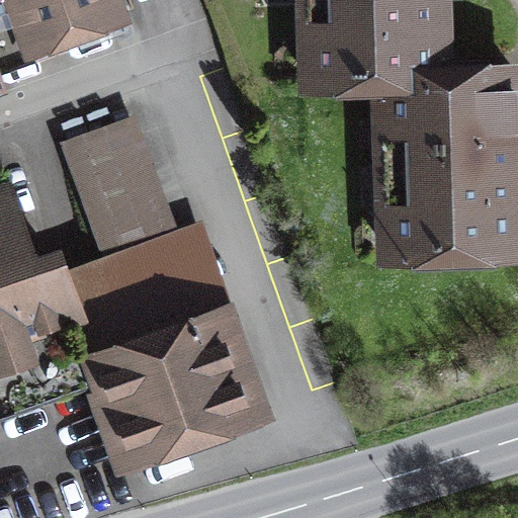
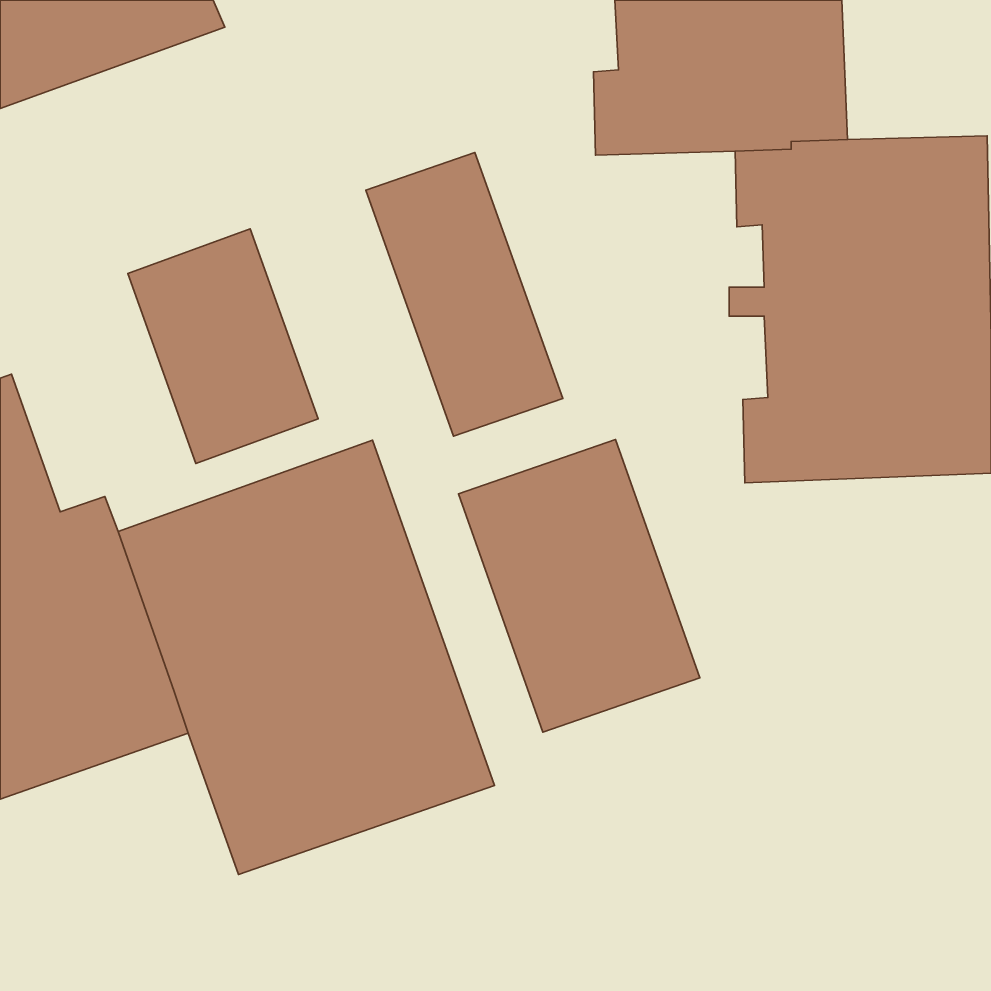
building: none -> [366,153,563,436]
building: none -> [459,439,700,732]

